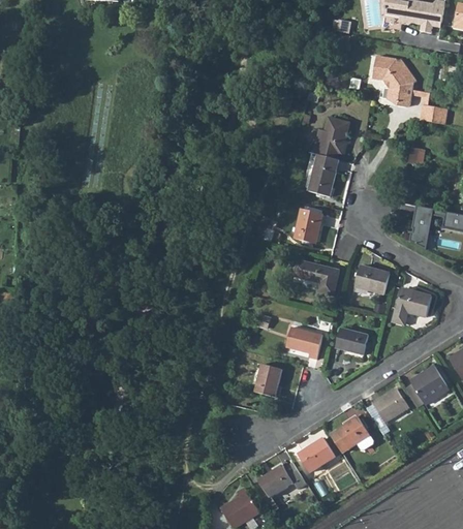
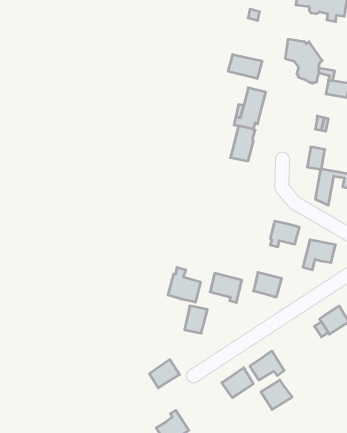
building: none -> [228,54,262,79]
building: [294,209,321,244] -> none
building: [292,260,338,293] -> none
building: none -> [168,267,200,302]
building: [373,388,409,423] -> none
building: none -> [261,380,292,410]
building: [257,464,292,497] -> [149,360,180,388]

